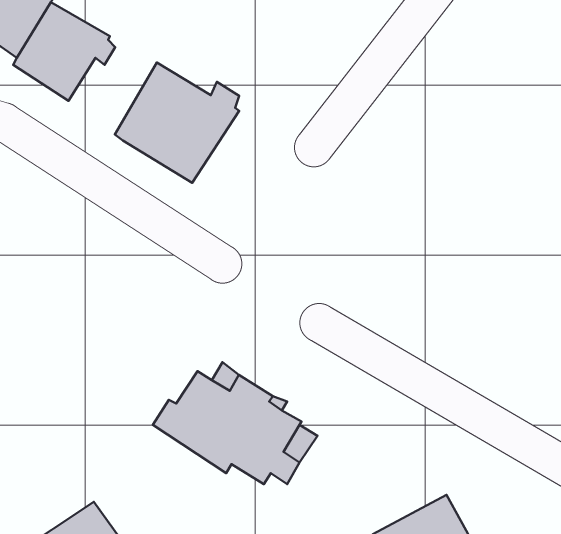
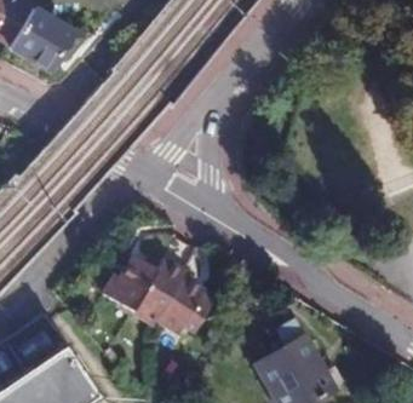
building: [115,63,239,183] -> none

